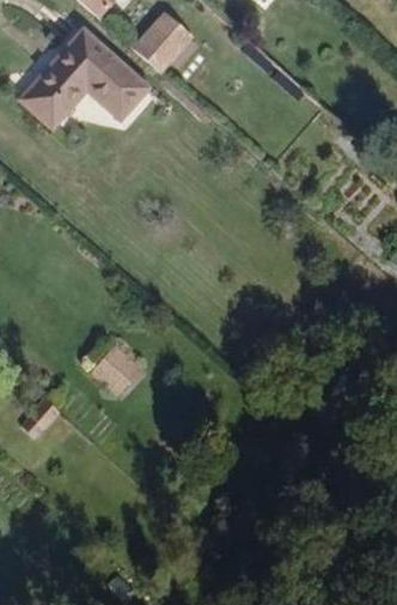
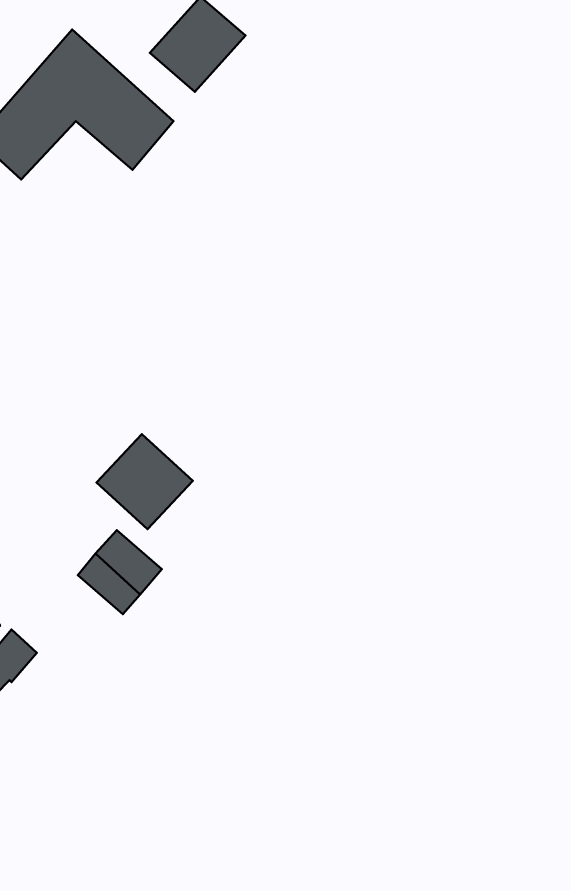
building: none -> [96,434,193,529]

